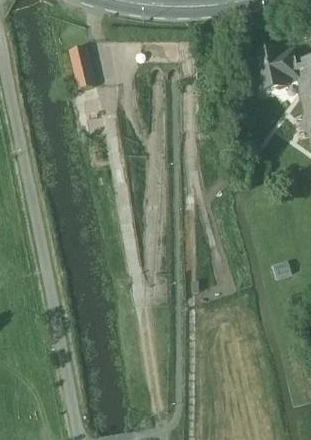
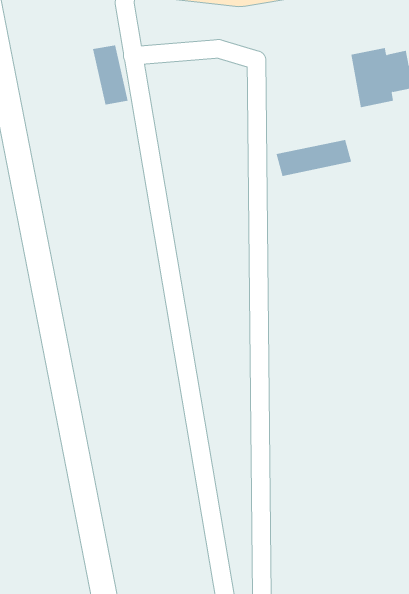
building: none -> [276,139,352,177]

